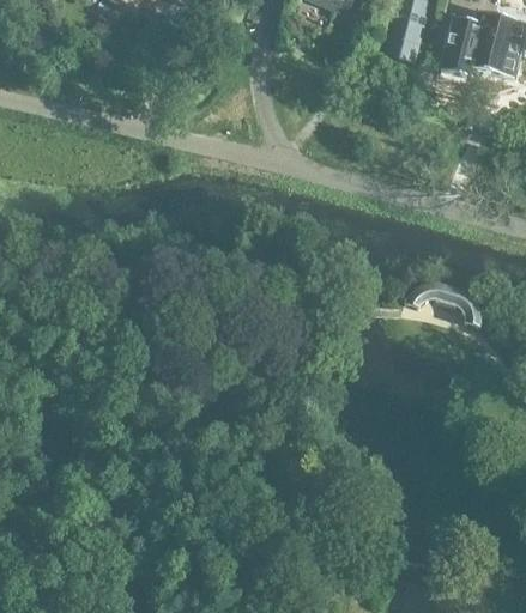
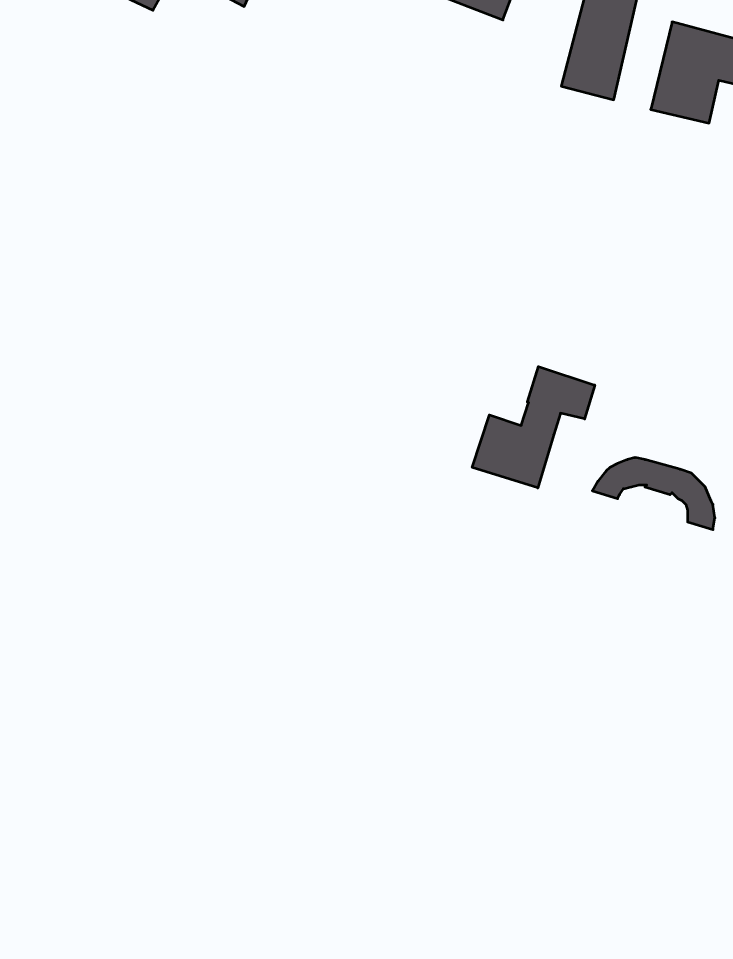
building: none -> [472,367,595,488]

